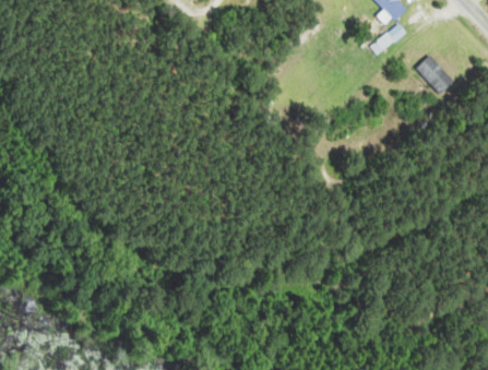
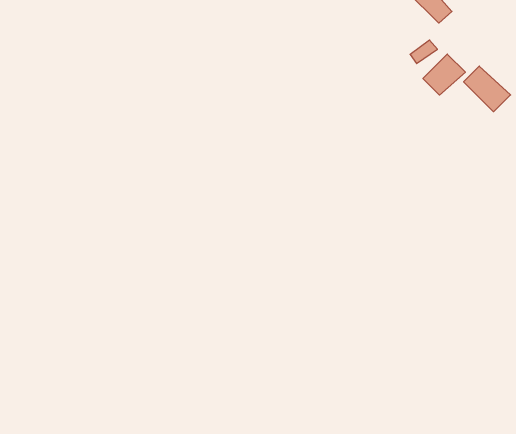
building: none -> [423,54,465,95]

